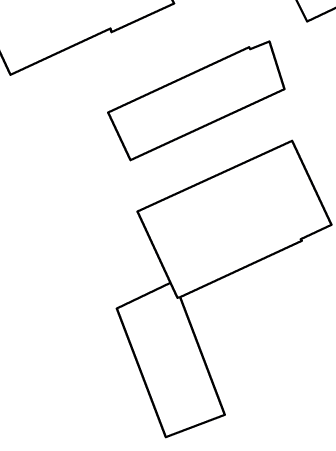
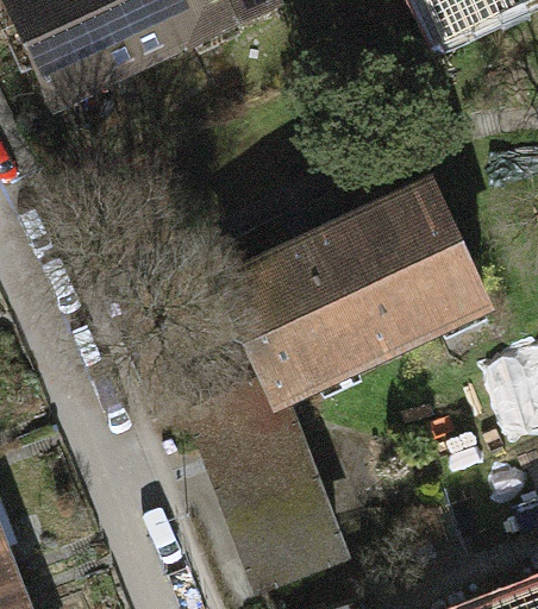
building: [108,41,285,160] -> none

